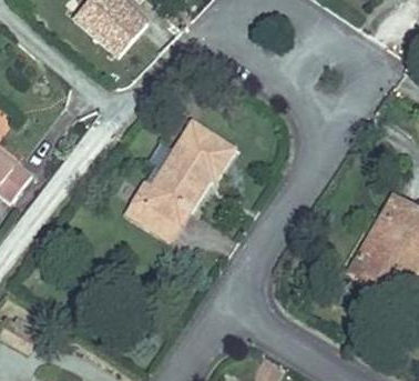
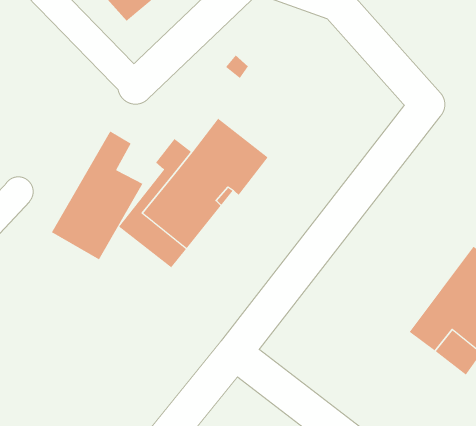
building: none -> [51,130,143,260]

